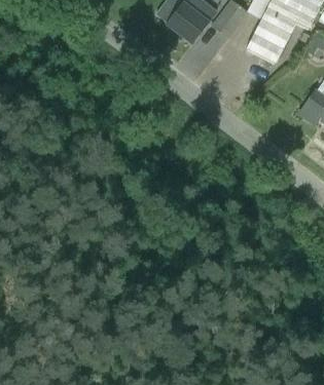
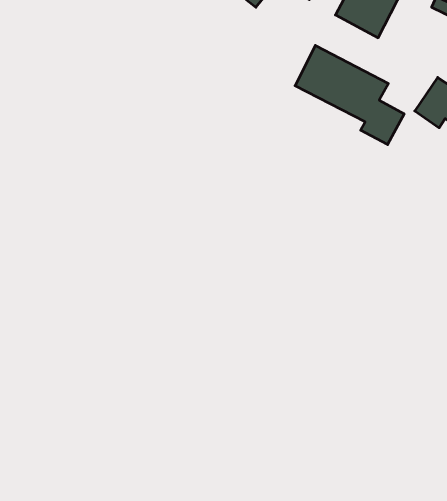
building: none -> [295,45,404,145]

